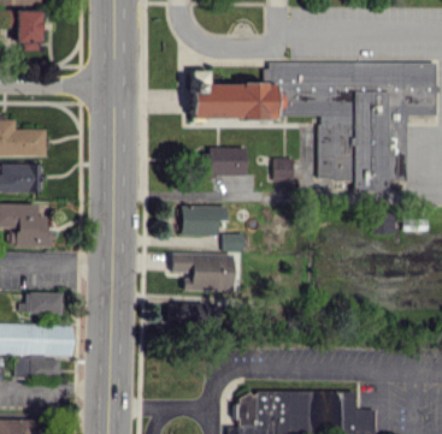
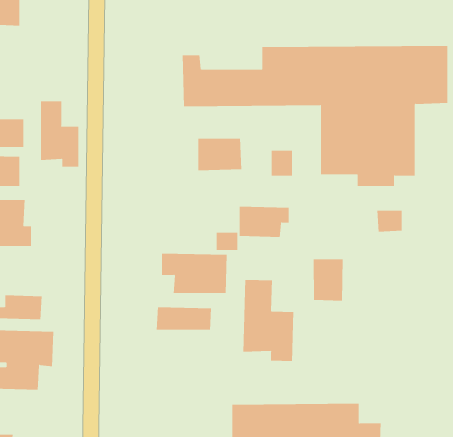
building: none -> [40,101,79,167]
building: [179,206,226,234] -> [239,206,290,237]
building: none -> [313,258,343,302]
building: none -> [243,279,294,362]

